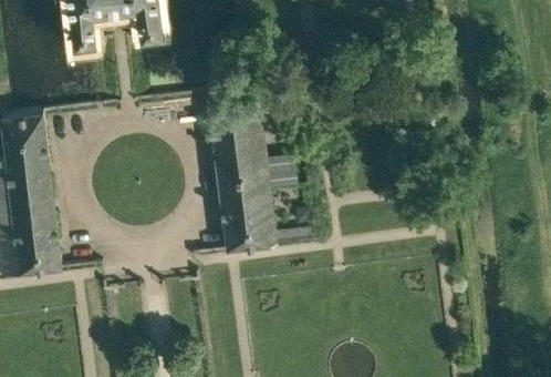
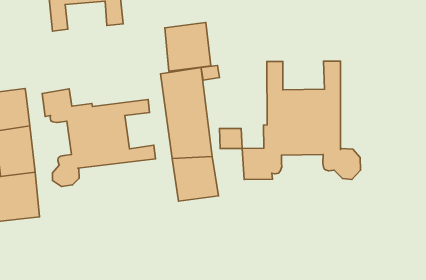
building: none -> [165,23,211,71]
building: none -> [242,61,361,179]
building: none -> [42,89,156,186]

